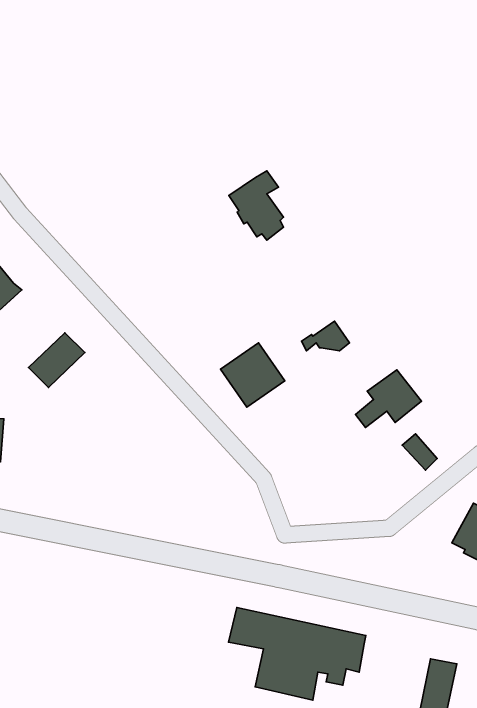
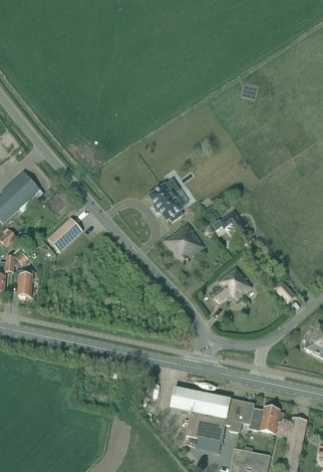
building: [229,171,283,240] -> [149,180,183,222]
building: [355,370,422,428] -> [212,268,252,303]
building: none -> [249,407,285,434]

